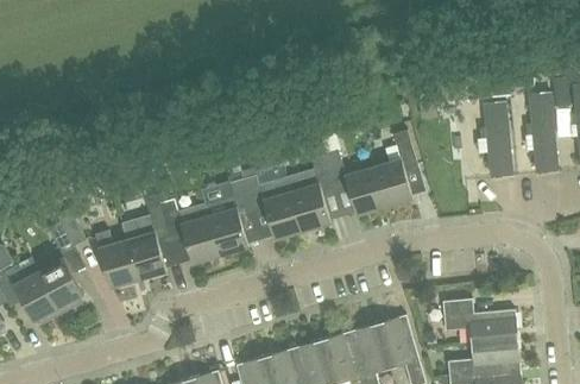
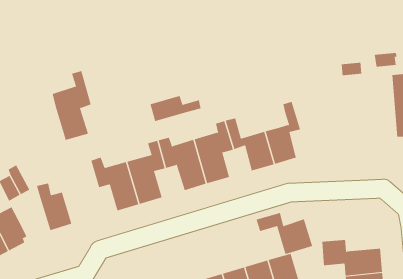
building: [484,106,513,177] -> none
building: none -> [150,95,201,122]
building: [121,194,170,279] -> [52,70,92,141]
building: none -> [256,212,313,255]

